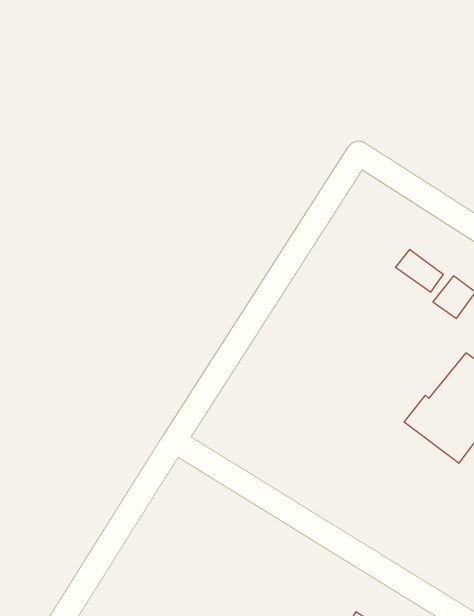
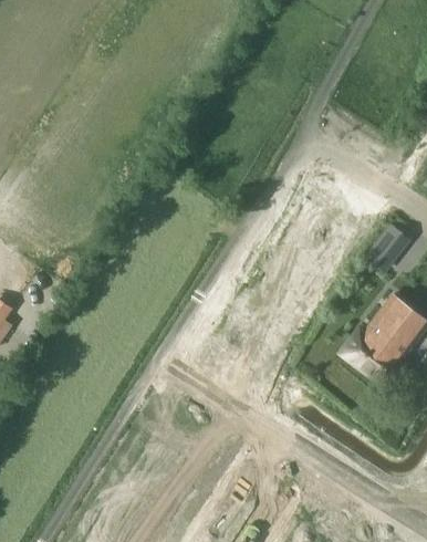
building: [396,249,443,292] -> none

